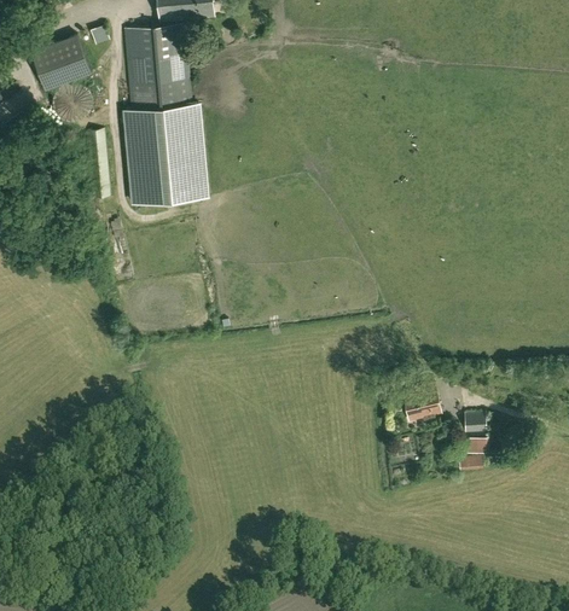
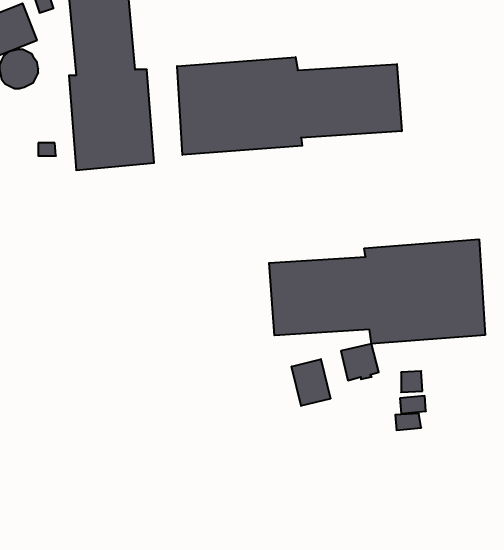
building: none -> [177,57,402,155]
building: none -> [269,239,485,344]
building: none -> [292,359,330,406]

